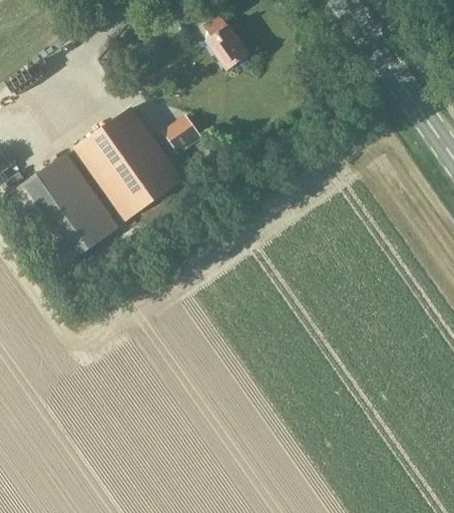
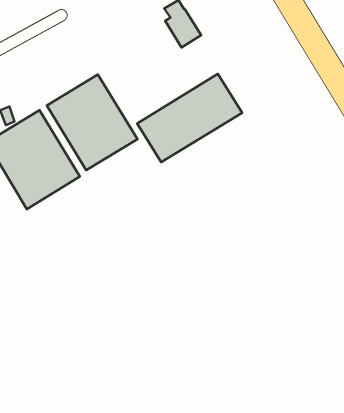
building: none -> [137,74,242,162]
building: [164,116,201,152] -> none

